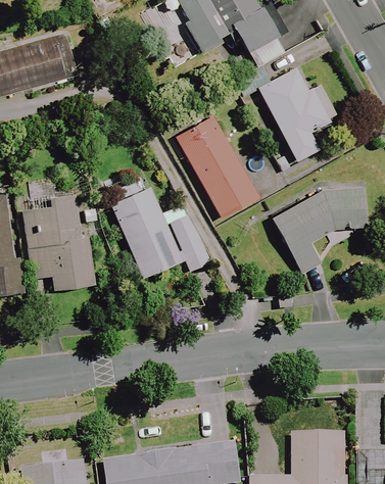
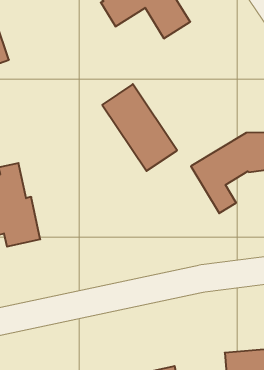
building: [258,67,331,160] -> none
building: [112,188,210,278] -> none

